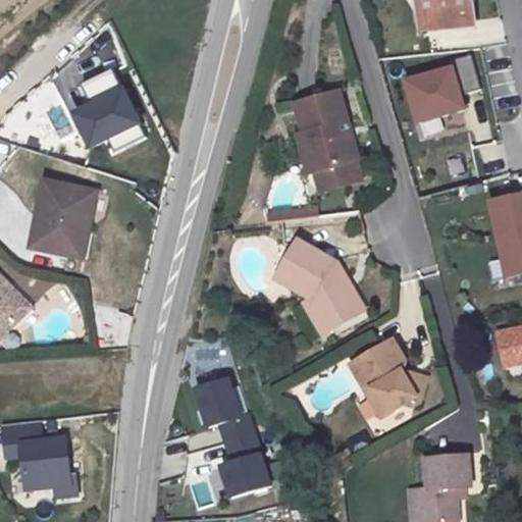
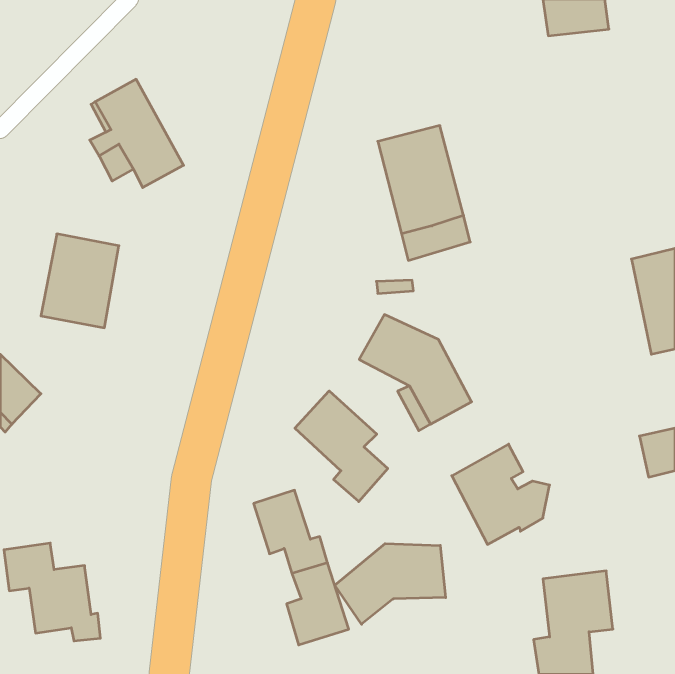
building: [405,55,478,122] -> none
building: none -> [295,391,388,502]
building: none -> [335,544,446,624]

